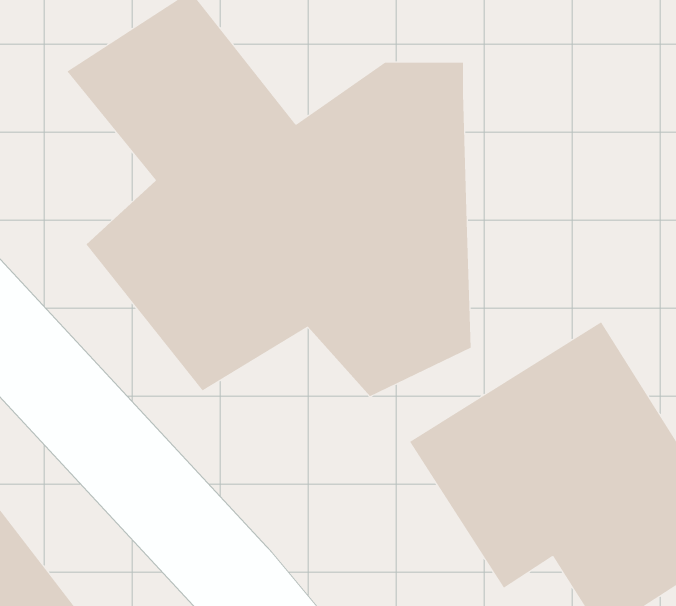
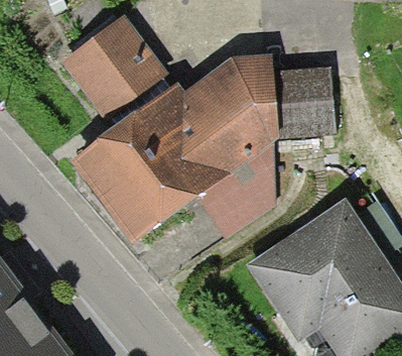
building: none -> [273,73,327,142]

